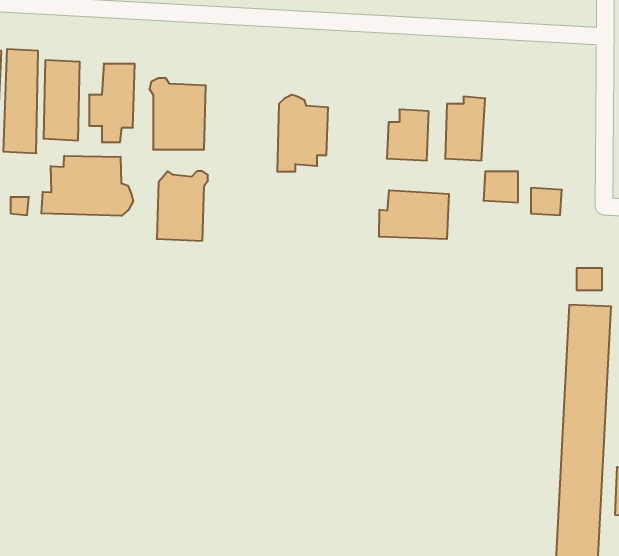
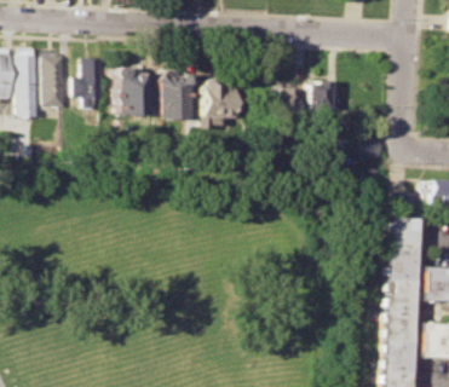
building: [42,156,133,216] -> none
building: [157,171,208,241] -> [157,74,191,120]
building: [379,190,449,239] -> none

